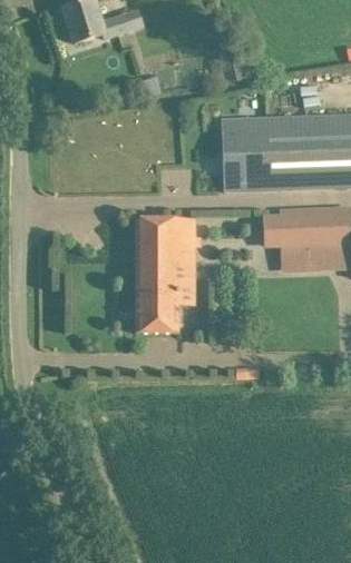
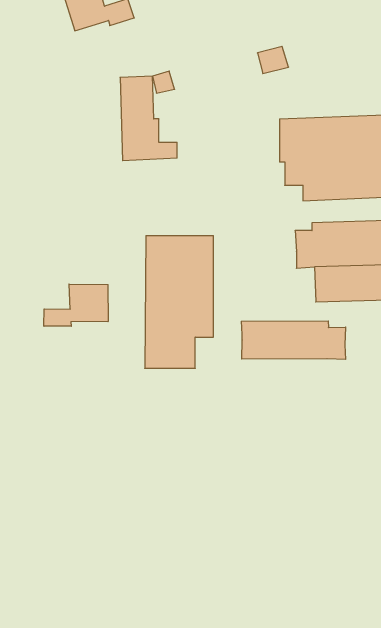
building: [222,117,271,189] -> [120,76,177,161]
building: none -> [44,284,108,326]
building: none -> [241,321,346,359]

